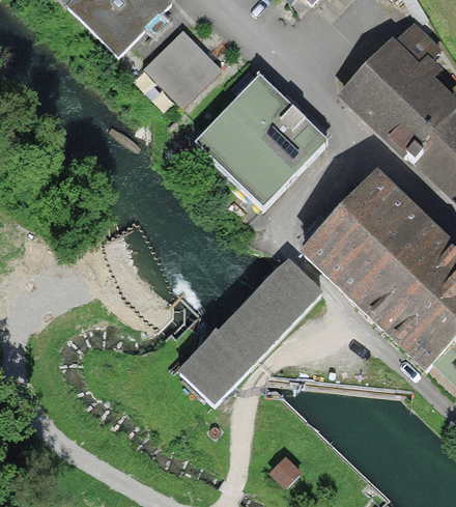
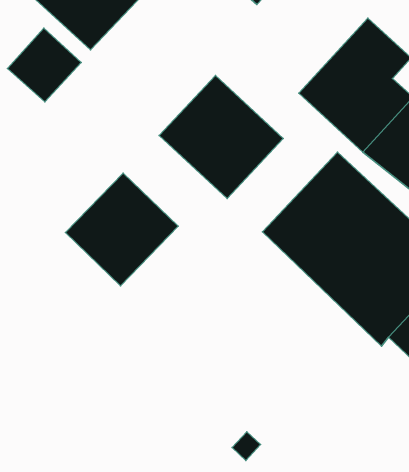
building: [144,31,222,109] -> [7,28,81,102]
building: none -> [66,173,178,286]
building: [180,259,322,401] -> none

